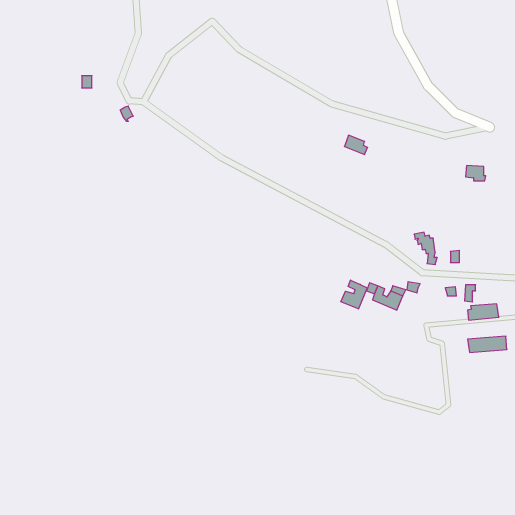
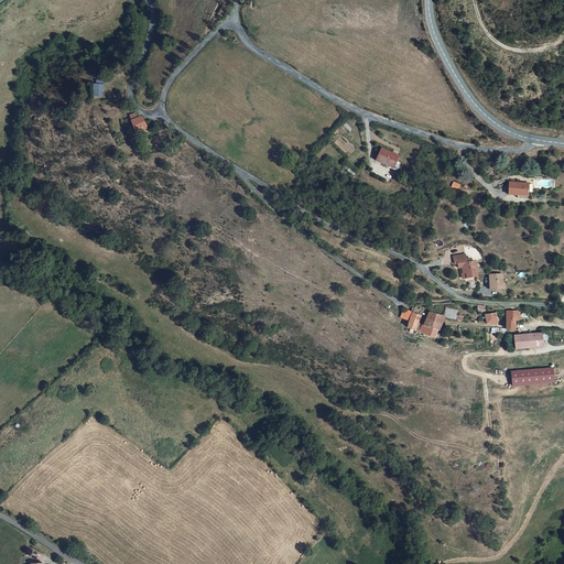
building: [341,280,367,309] -> none

